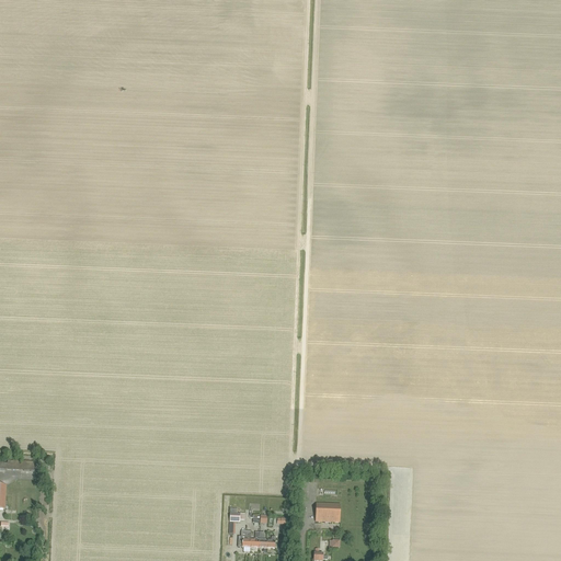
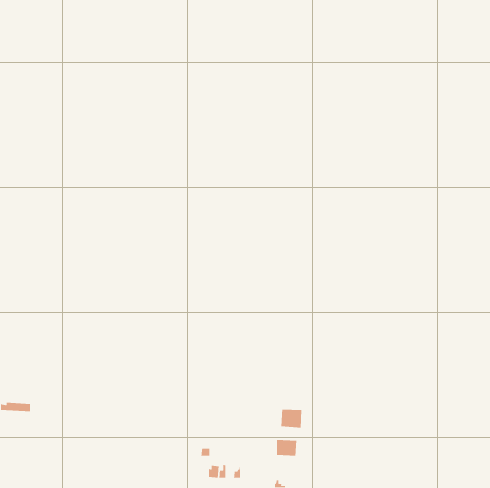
building: none -> [281,409,302,428]

